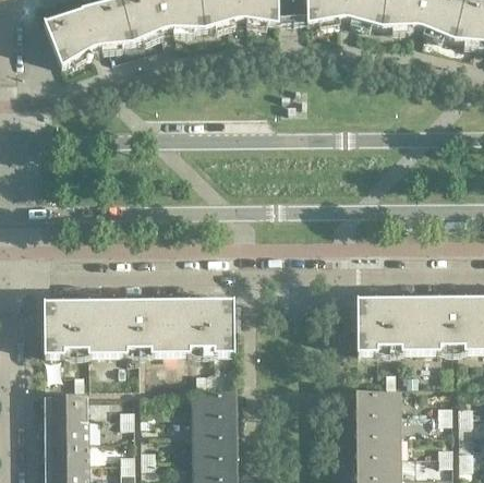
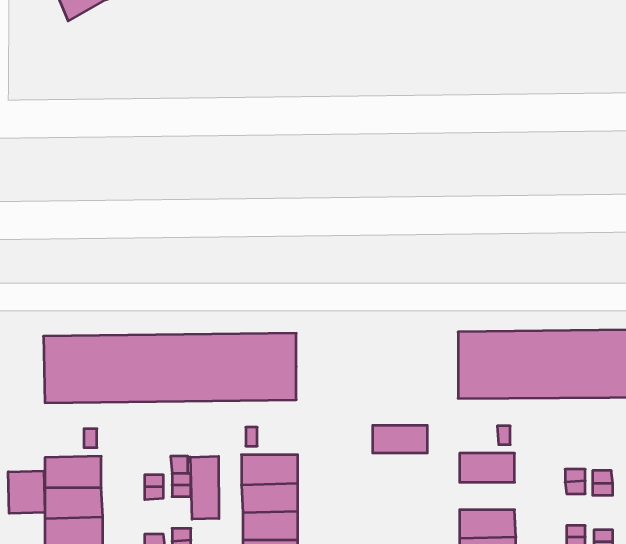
building: none -> [190,456,219,519]
building: none -> [8,471,45,513]
building: [358,411,399,432] -> [373,425,427,453]

